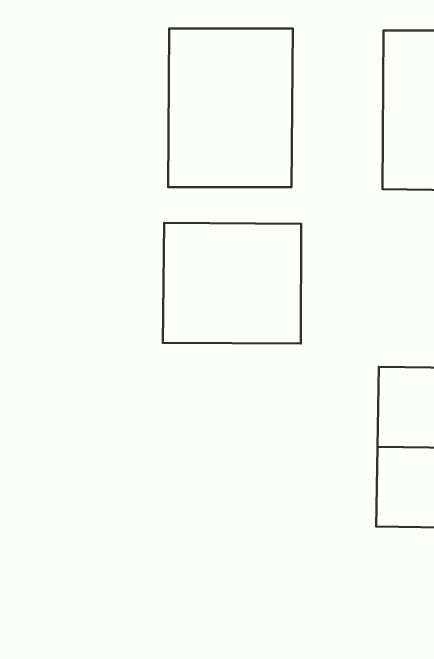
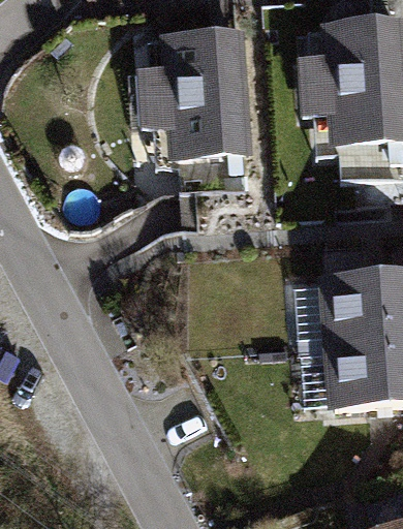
building: [163,223,301,344] -> none

